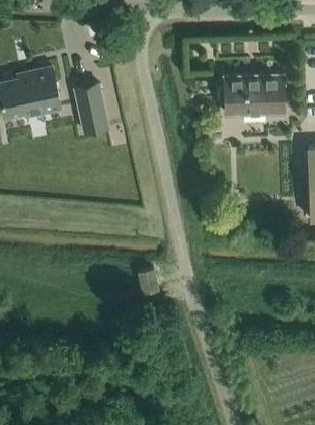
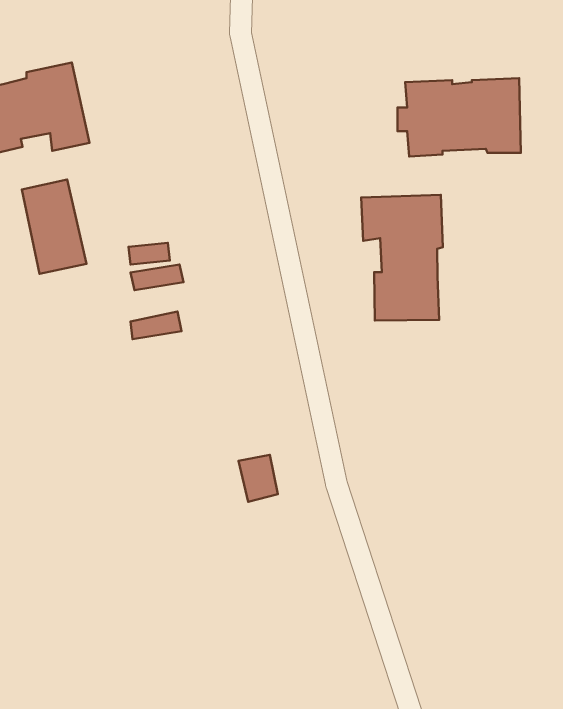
building: [75,86,108,135] -> [22,180,87,274]
building: none -> [361,195,443,320]

